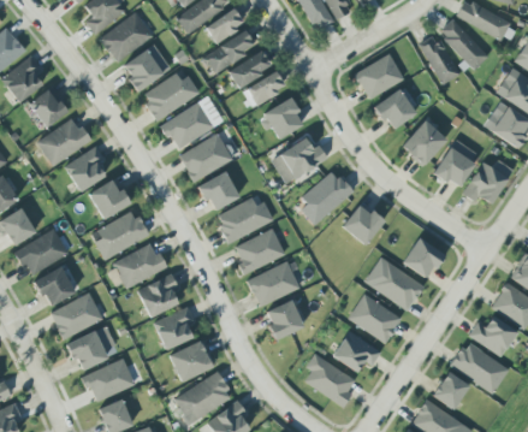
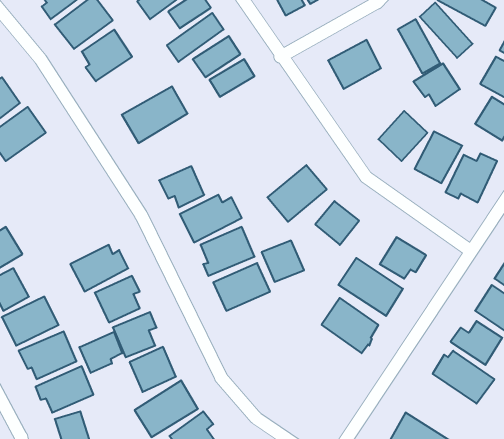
building: [142,70,198,119] -> none
building: [373,89,416,129] -> [413,63,460,106]
building: [260,99,305,138] -> none
building: [179,132,233,181] -> none
building: [272,137,328,184] -> none
building: [65,146,106,190] -> none
building: [89,179,131,218] -> none
building: [93,209,149,258] -> none
building: [265,300,304,338] -> [262,241,304,282]
building: none -> [79,332,122,373]
building: [333,332,382,375] -> none
building: [305,355,356,409] -> none
building: [433,371,470,409] -> none

